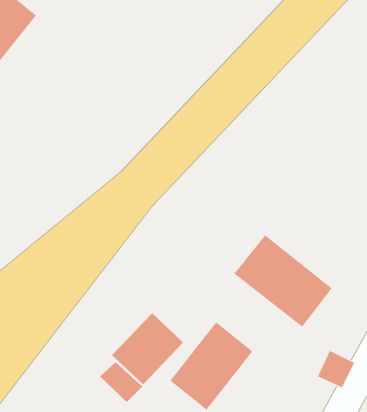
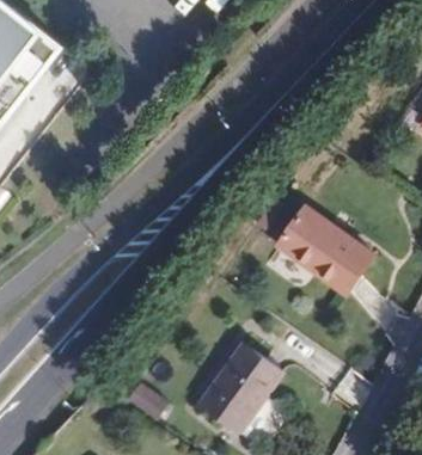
building: [233,235,332,327] -> [274,207,368,295]
building: [111,312,184,385] -> none

